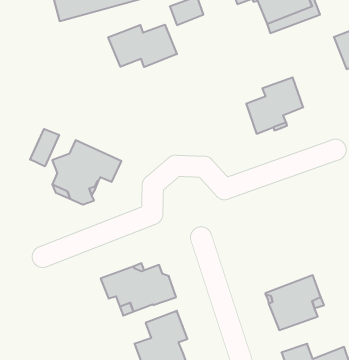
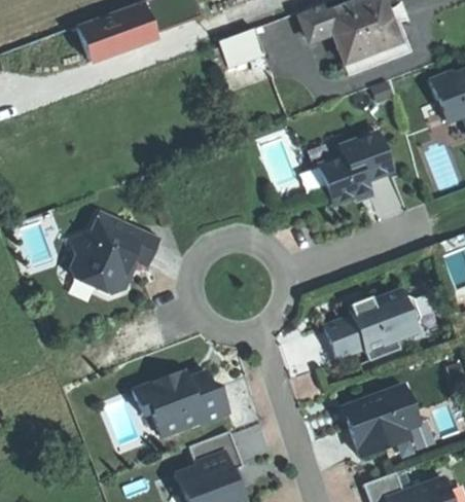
building: [108,25,177,67] -> none
building: [30,129,59,166] -> none
building: none -> [325,290,420,360]

